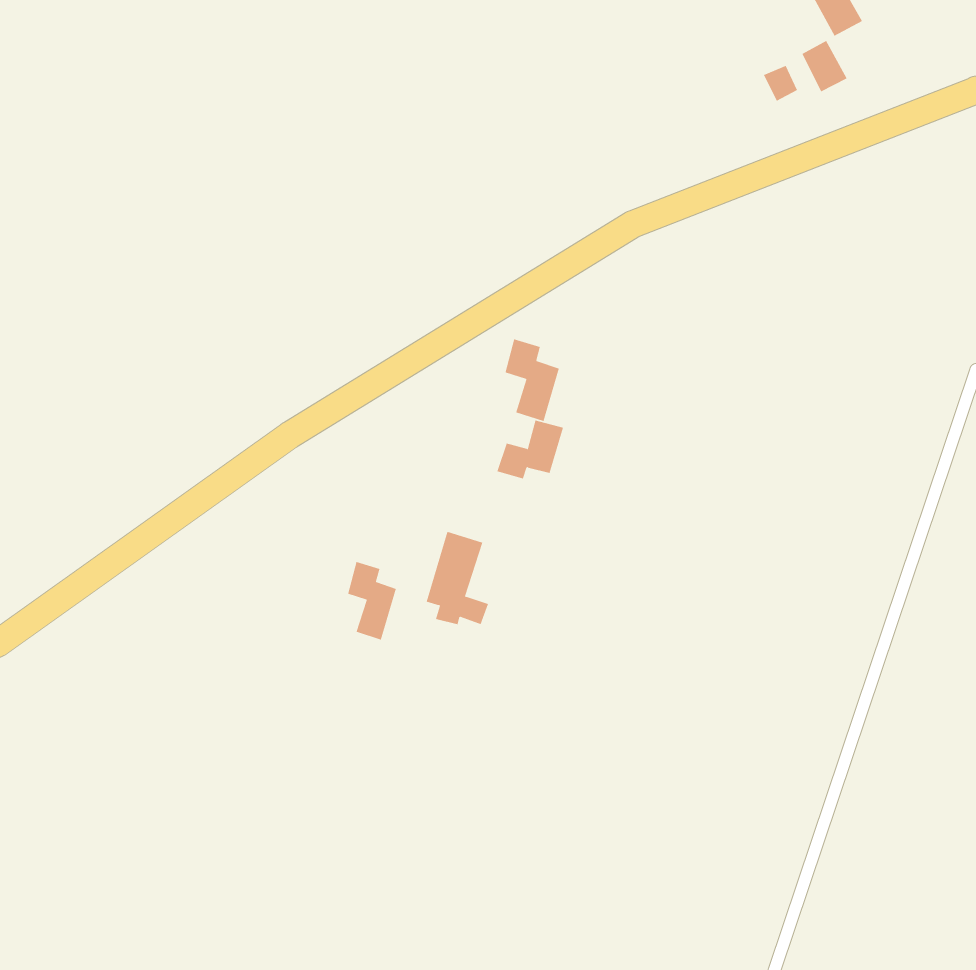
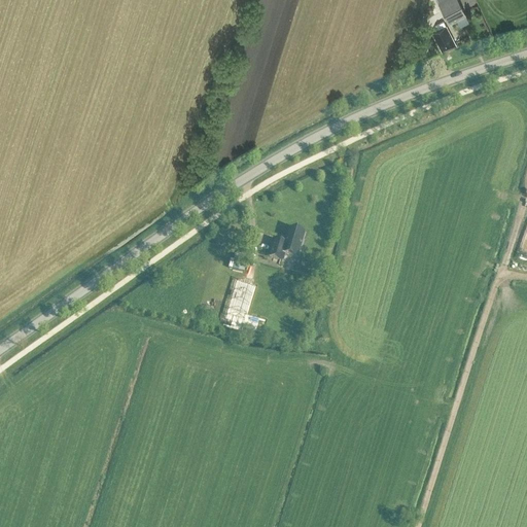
building: [505,339,559,422] -> none
building: [348,561,397,640] -> none

